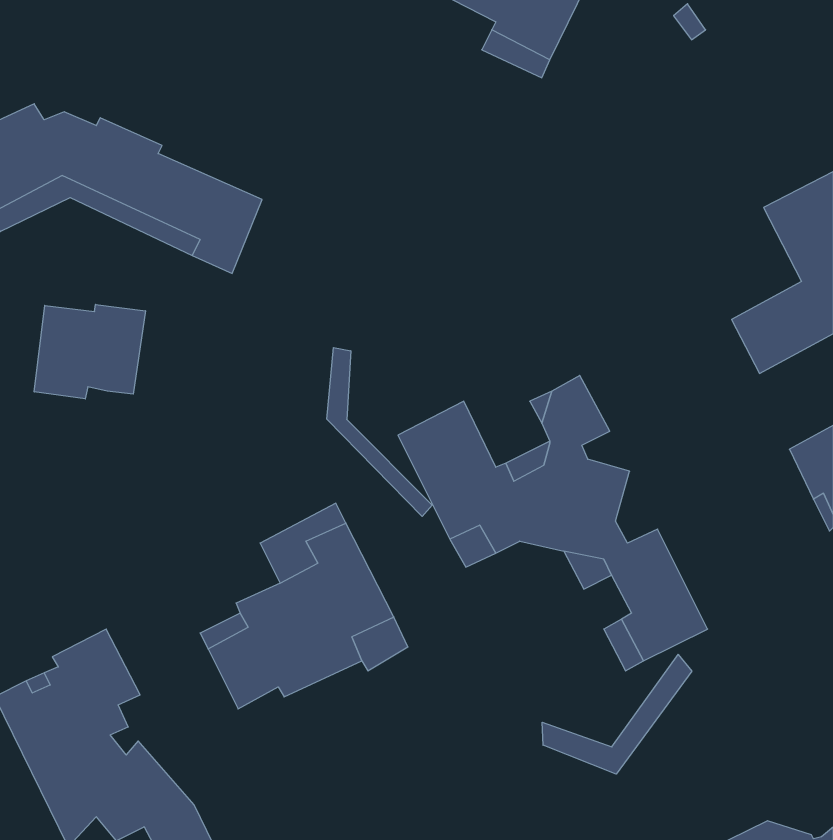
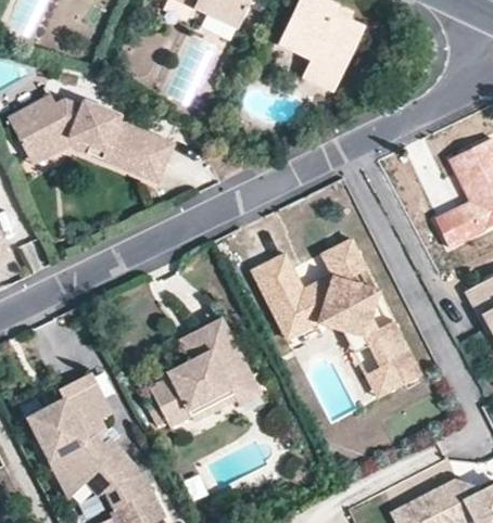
building: [34,304,145,399] -> none
building: [327,348,432,516] -> none
building: [542,654,692,774] -> none

